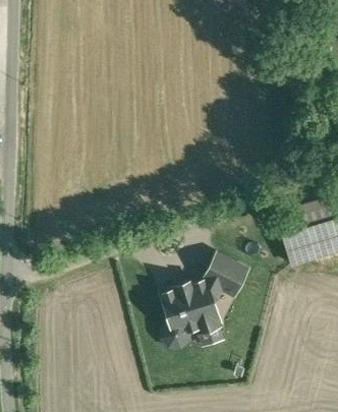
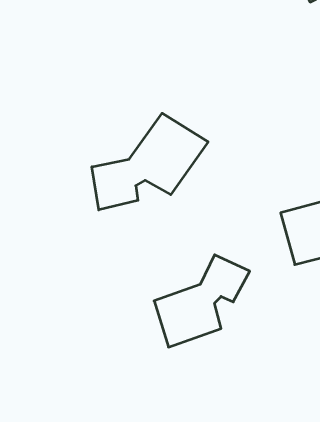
building: none -> [92,113,208,210]

